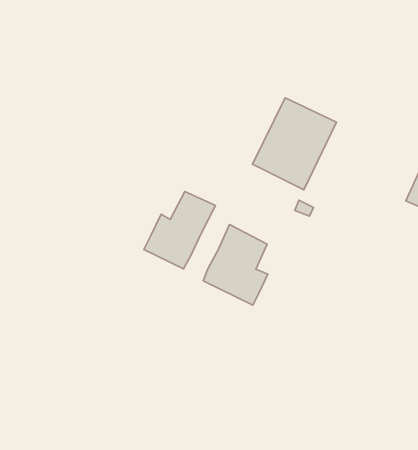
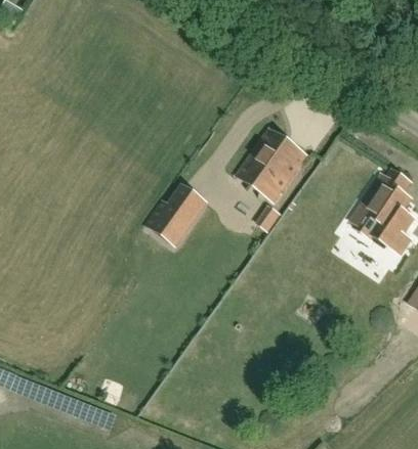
building: [203,225,268,305] -> none

